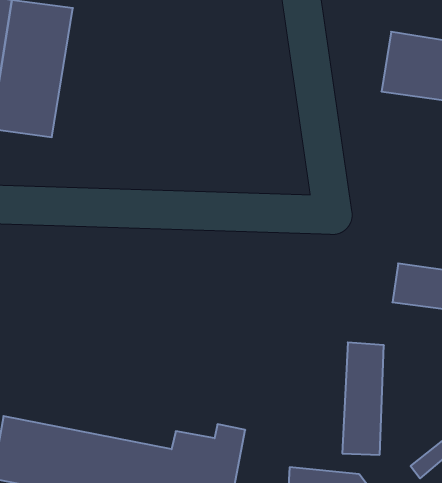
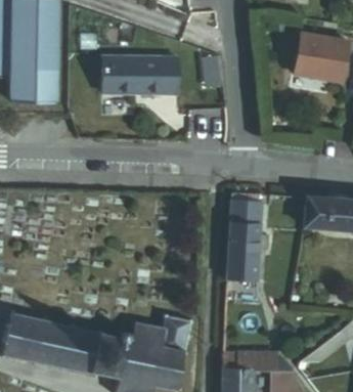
building: none -> [103,57,182,96]
building: [342,342,384,455] -> [228,199,259,281]

